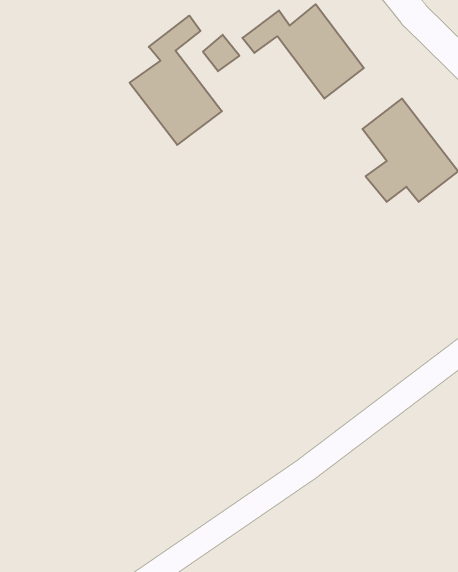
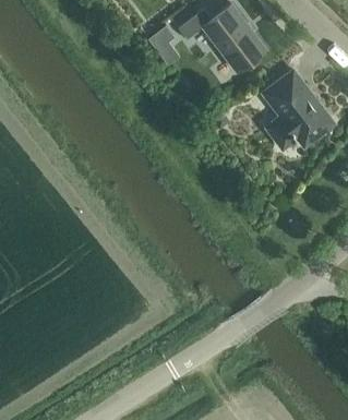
building: [130,16,222,145] -> none

